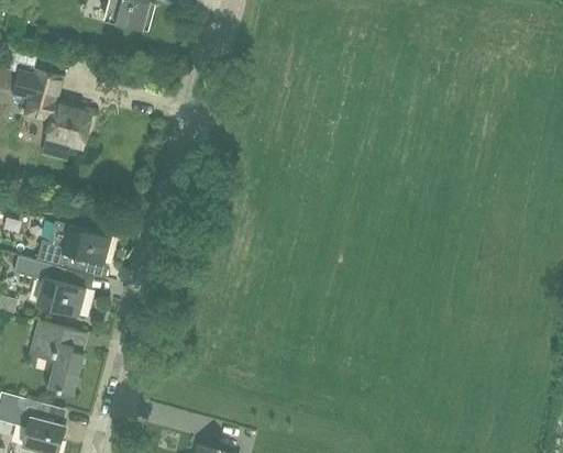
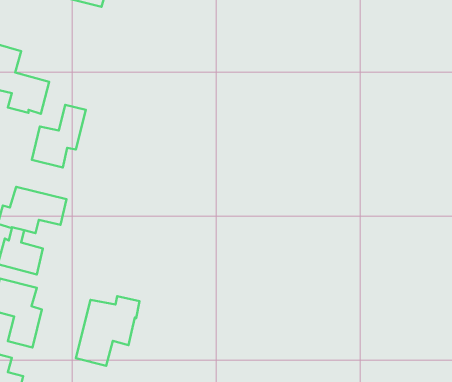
building: none -> [32,105,86,167]
building: none -> [76,296,140,366]

